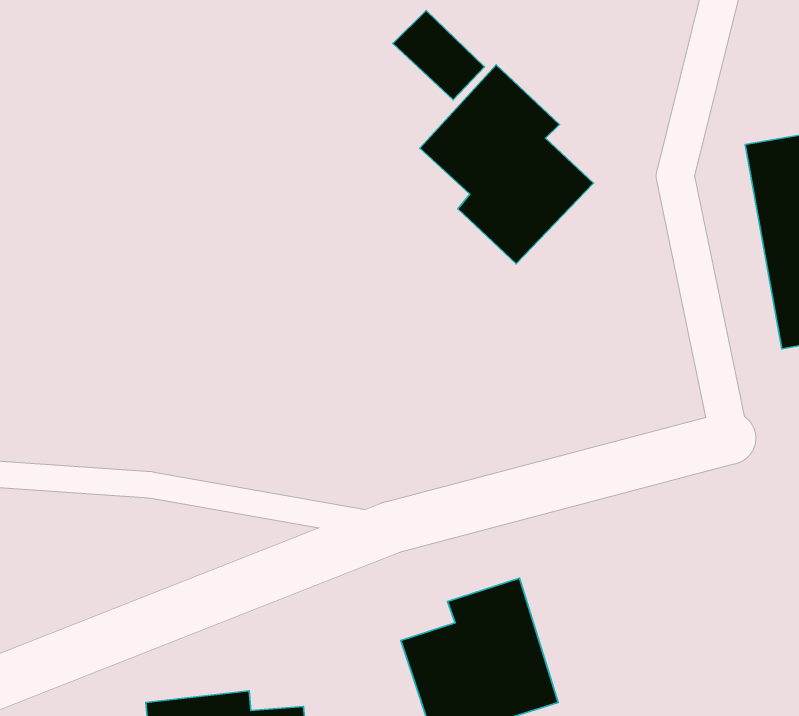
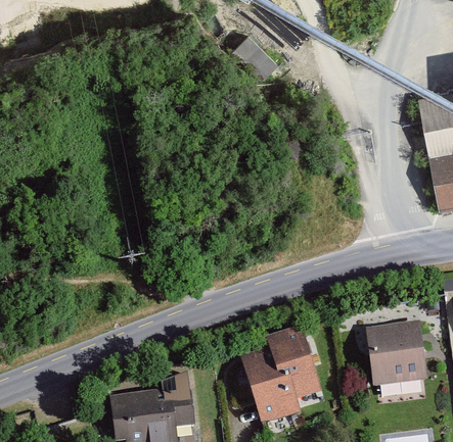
building: [420,65,593,264] -> none
building: none -> [366,325,427,391]

